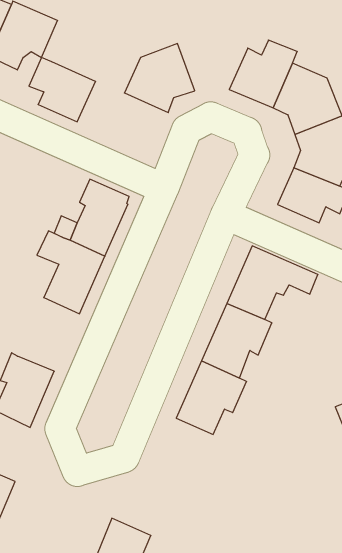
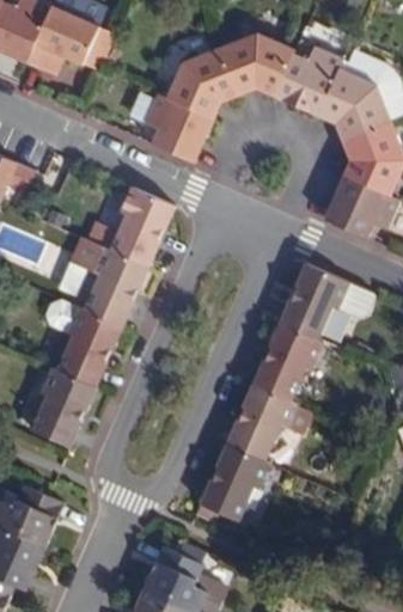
building: none -> [225,33,299,98]
building: [29,57,96,122] -> [146,96,215,163]
building: none -> [47,302,123,390]
building: none -> [196,439,270,516]

